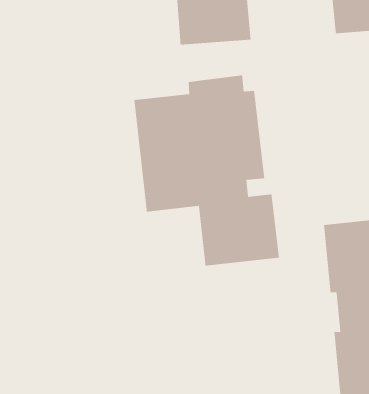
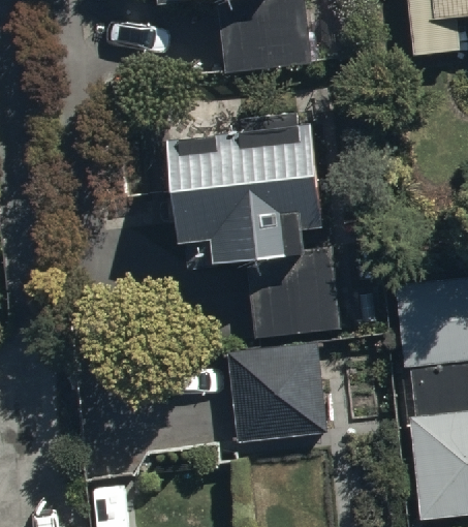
building: none -> [227,339,329,442]

